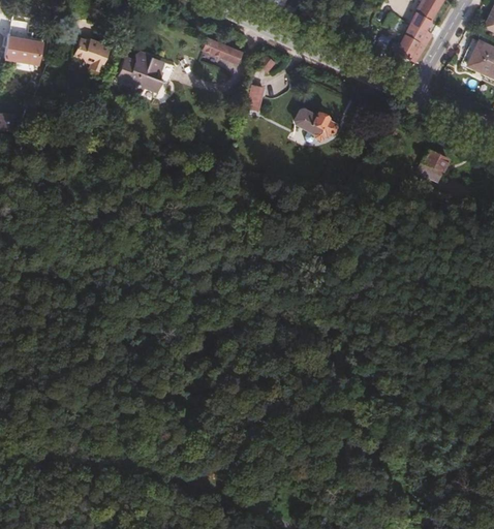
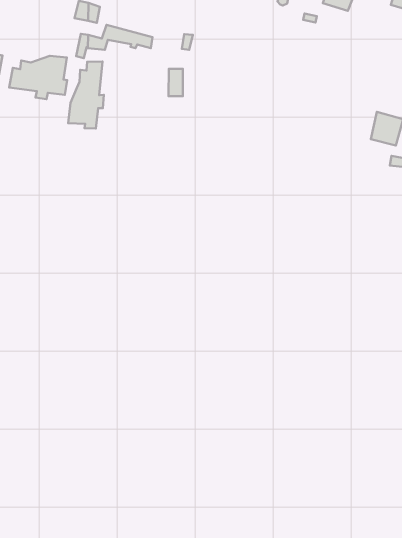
building: none -> [68,61,104,129]
building: [287,105,328,138] -> none

